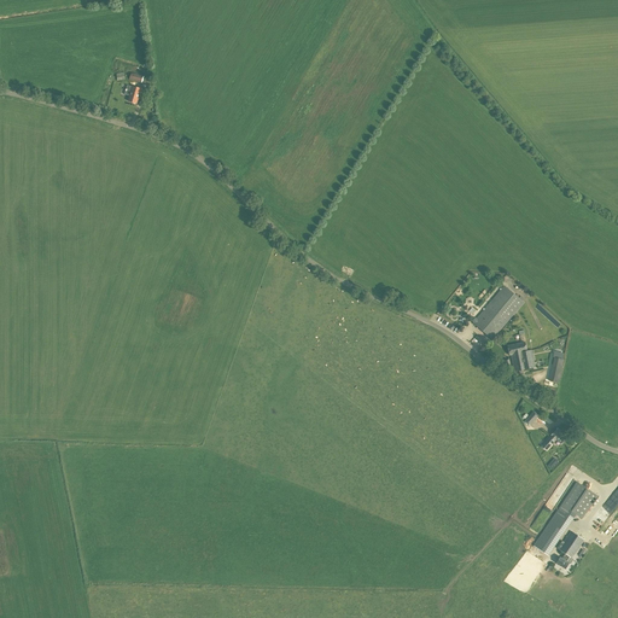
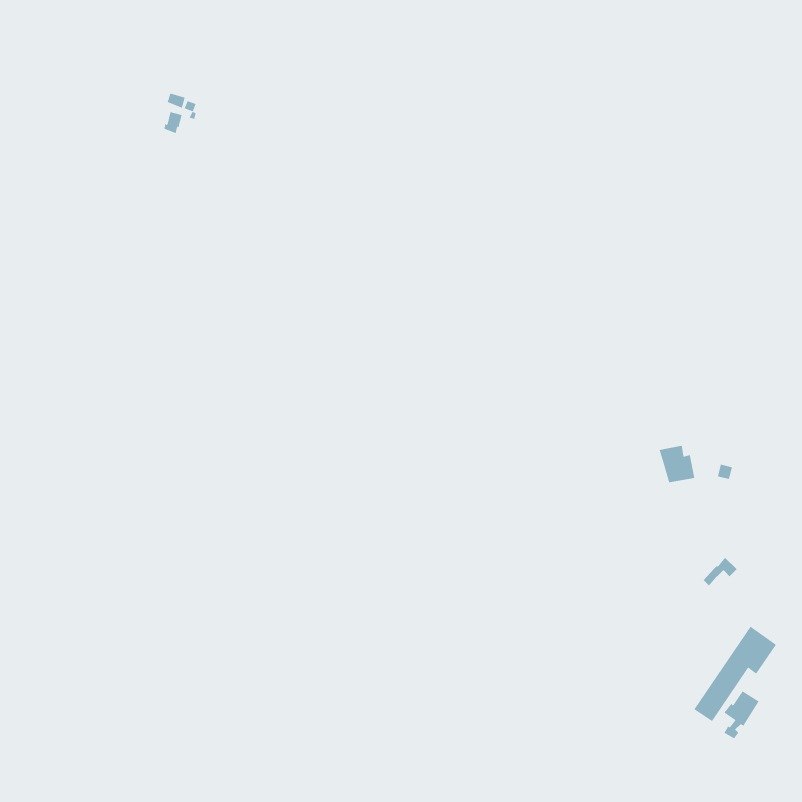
building: [471,285,523,339] -> none

